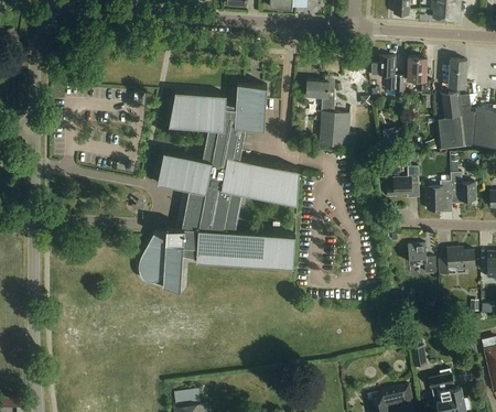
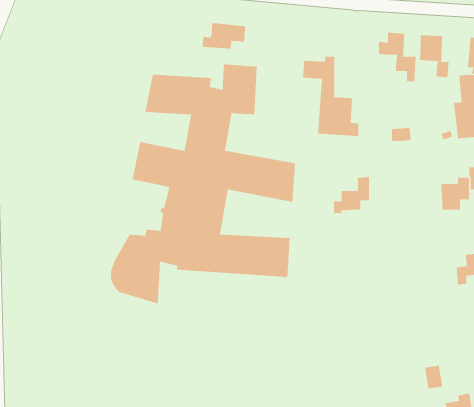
building: none -> [202,22,246,49]
building: [387,166,419,198] -> [333,177,370,213]
building: [408,245,436,274] -> none

